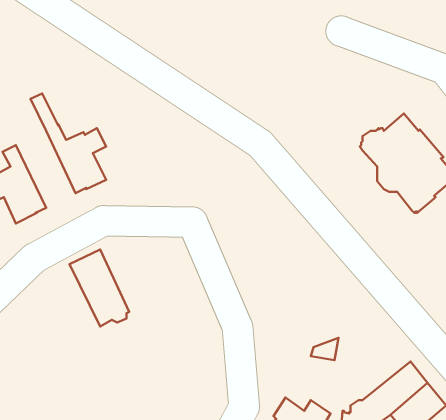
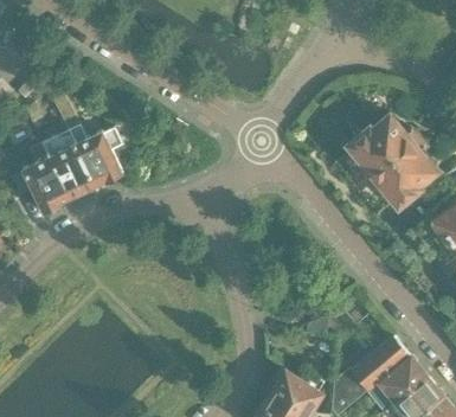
building: [69,249,129,326] -> [43,130,96,199]

